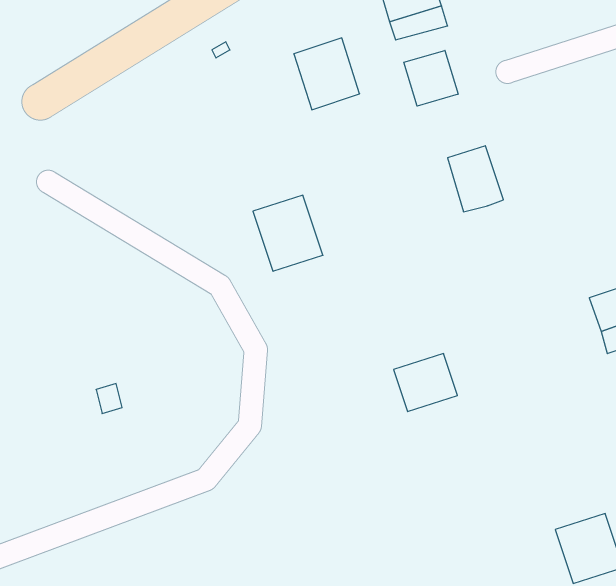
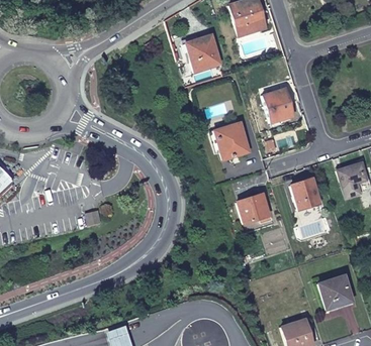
building: [404,50,458,106] -> none
building: [253,195,323,271] -> [213,117,249,155]
building: none -> [291,179,321,210]

